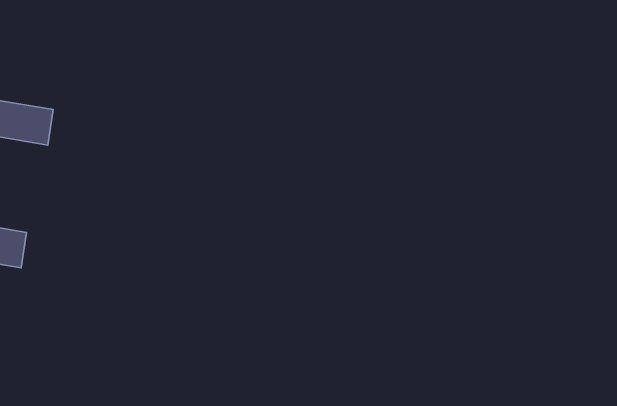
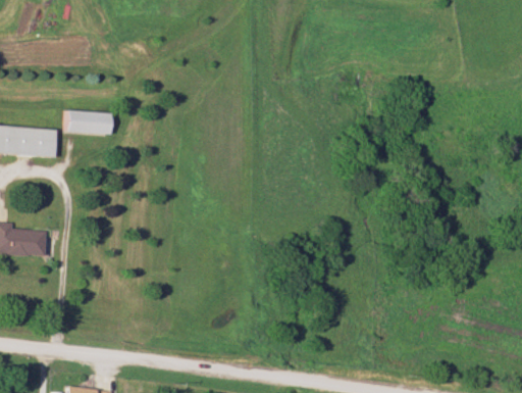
building: none -> [67,110,110,136]

